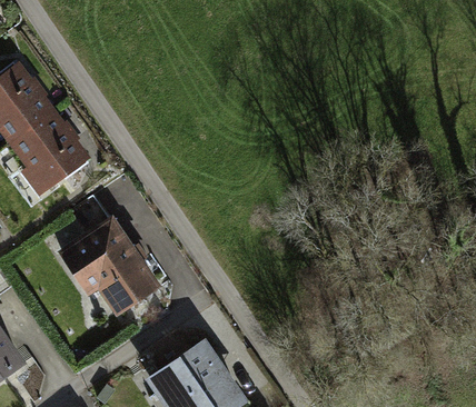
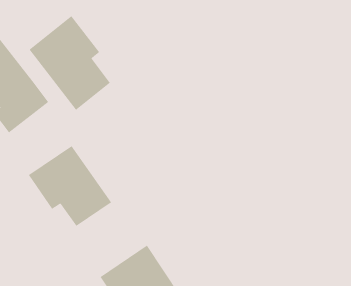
building: none -> [29,15,111,111]

